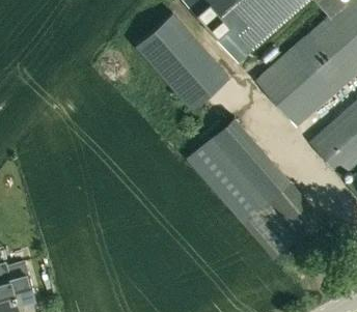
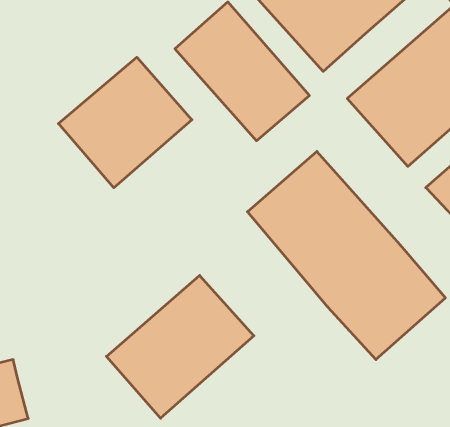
building: none -> [58,57,192,188]
building: none -> [106,275,254,418]

